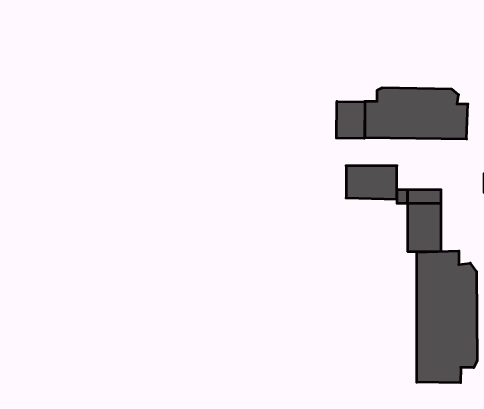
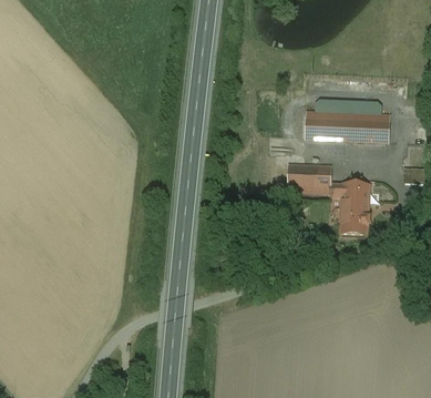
building: [336,101,365,138] -> none
building: [417,251,477,383] -> none

